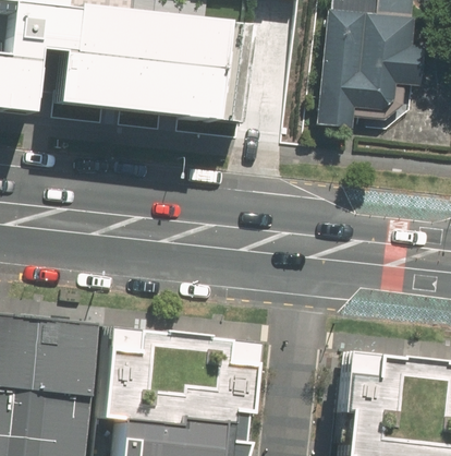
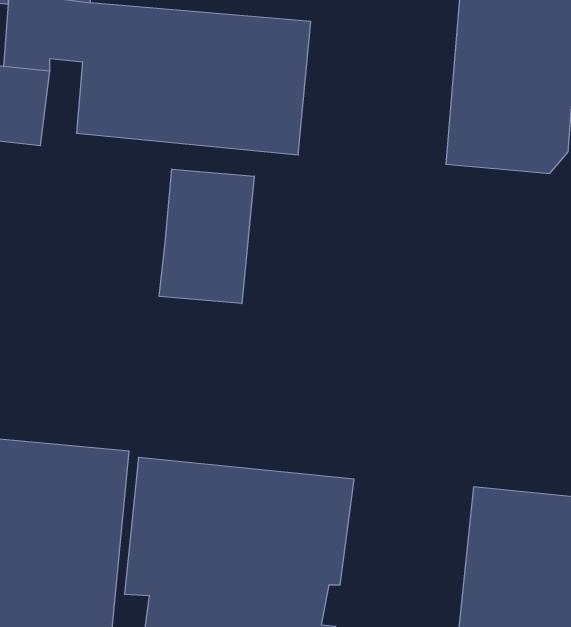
building: none -> [159,169,254,304]

